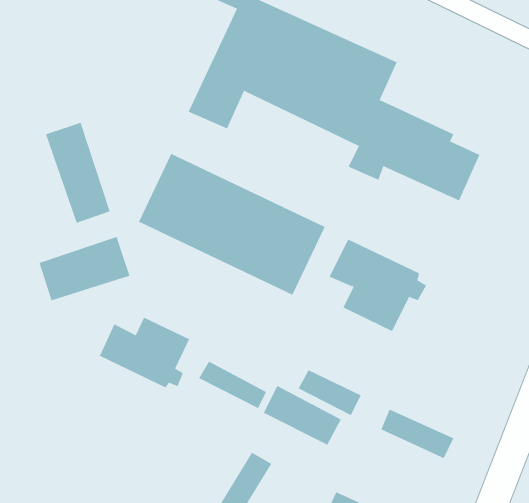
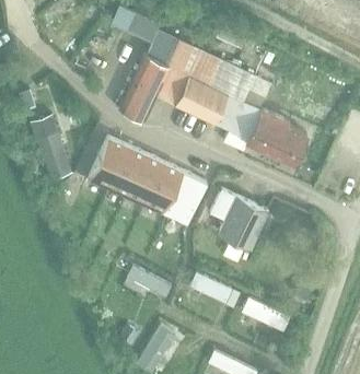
building: [39,236,130,301] -> none
building: [99,317,190,388] -> none
building: [263,385,341,446] -> none

